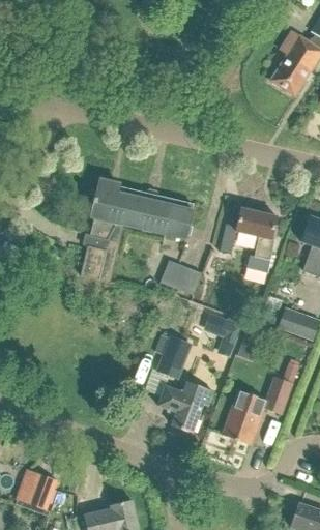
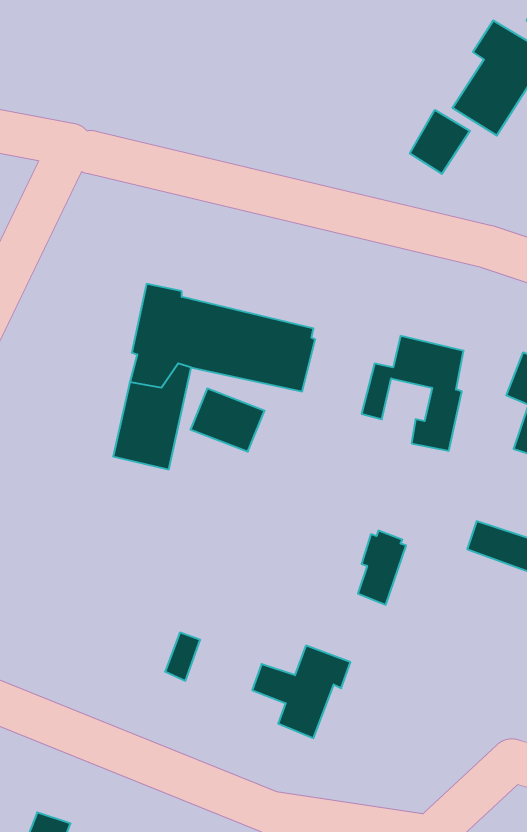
building: none -> [410,110,470,174]
building: [159,259,201,294] -> [190,389,265,452]
building: [155,334,190,377] -> none
building: [222,361,297,443] -> none

